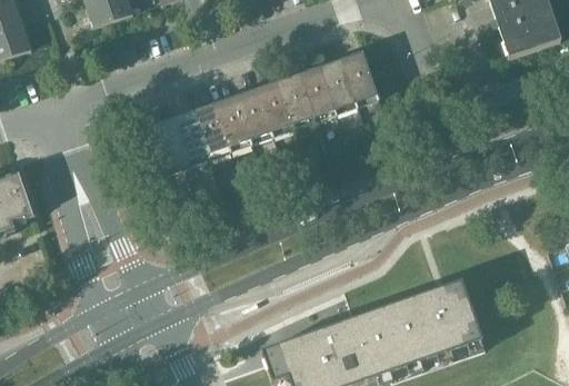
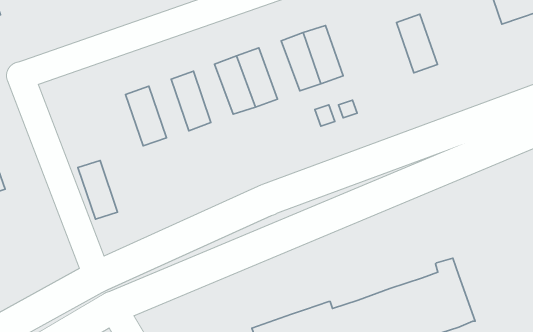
building: [340,49,379,105] -> [396,14,437,73]
building: [277,71,316,127] -> none
building: [214,93,252,149] -> none
building: [172,108,210,164] -> [78,161,118,219]

